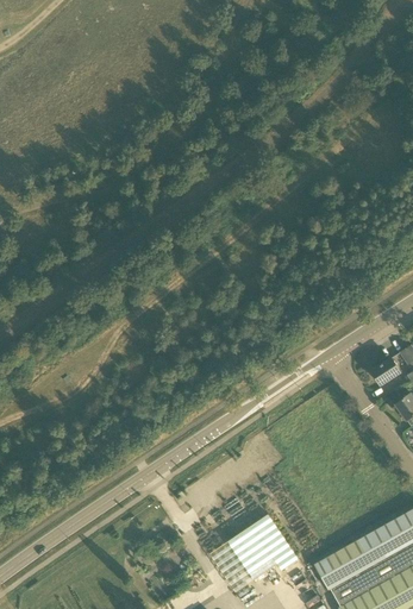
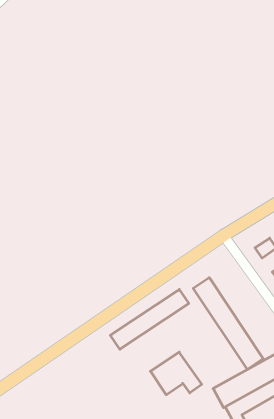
building: none -> [193,278,263,370]
building: none -> [110,289,189,349]

